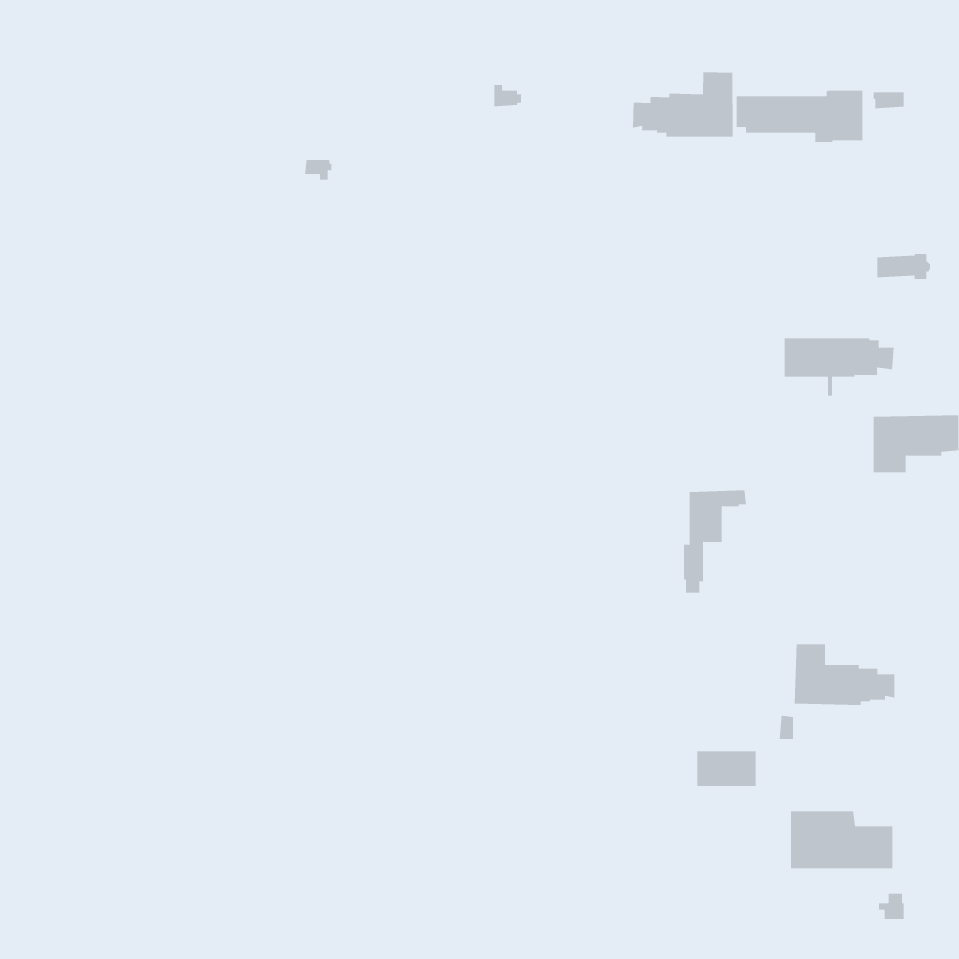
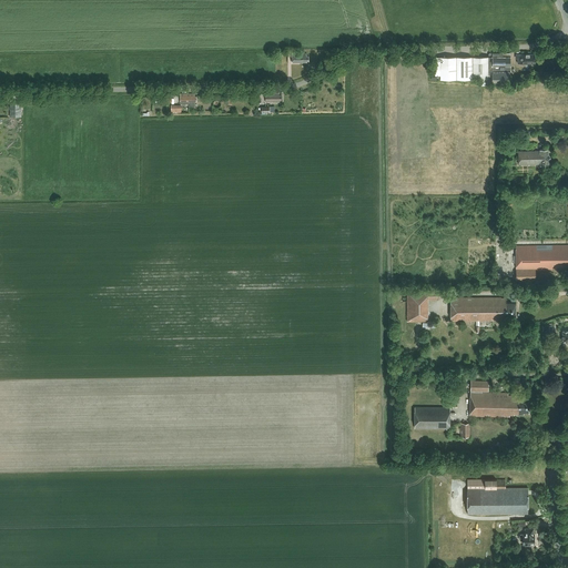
building: [632,71,733,138] -> none
building: [784,338,895,396] -> [450,297,516,332]
building: [697,751,757,787] -> [415,407,450,428]

